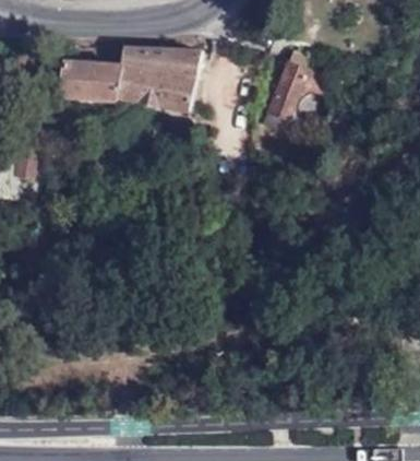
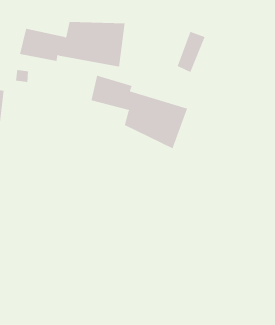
building: none -> [91,75,188,149]

